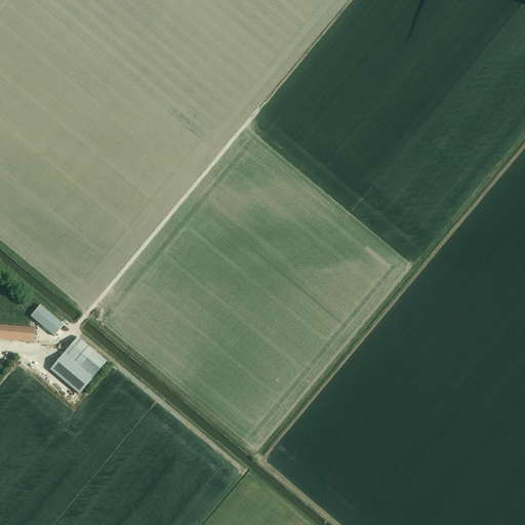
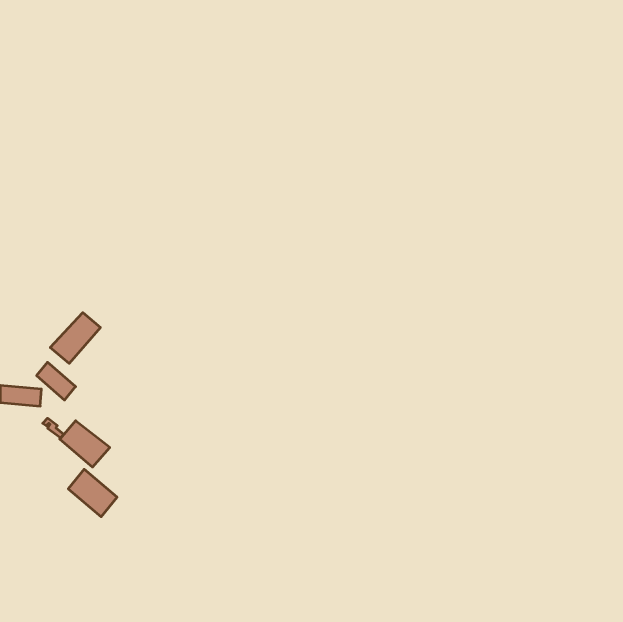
building: none -> [50,313,100,363]
building: [65,336,106,376] -> [68,469,117,517]

